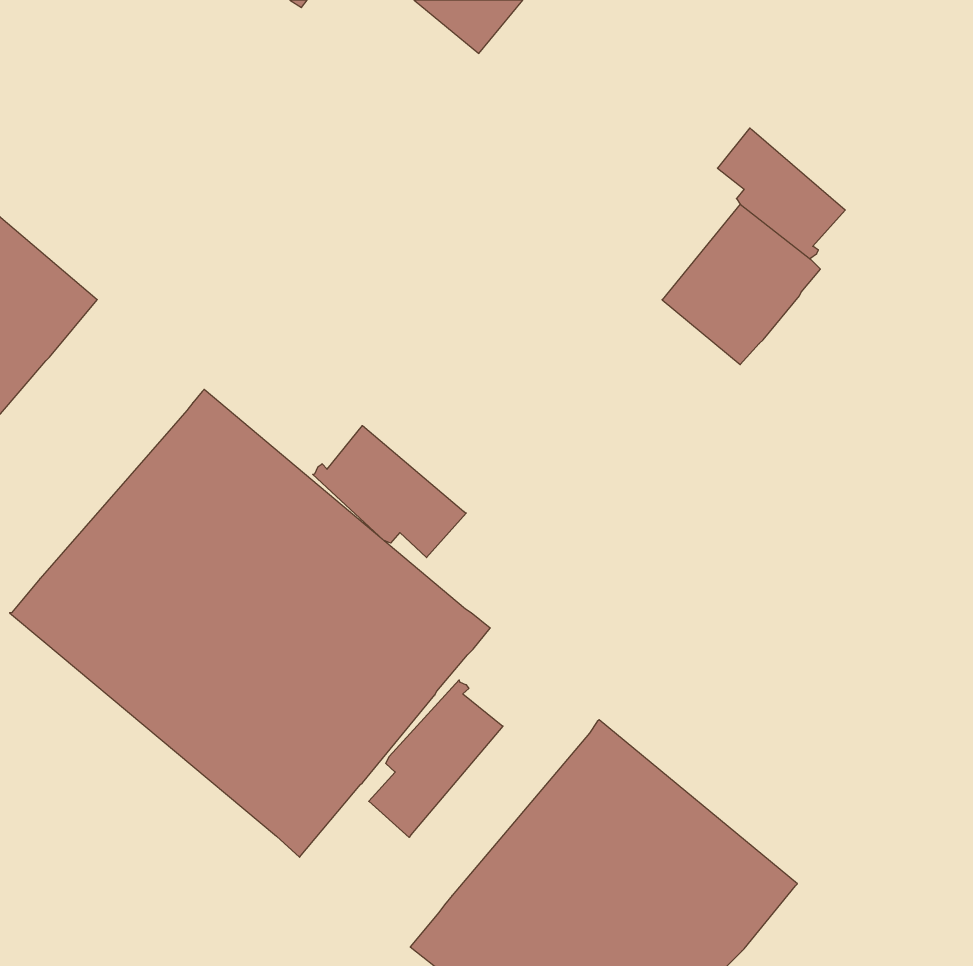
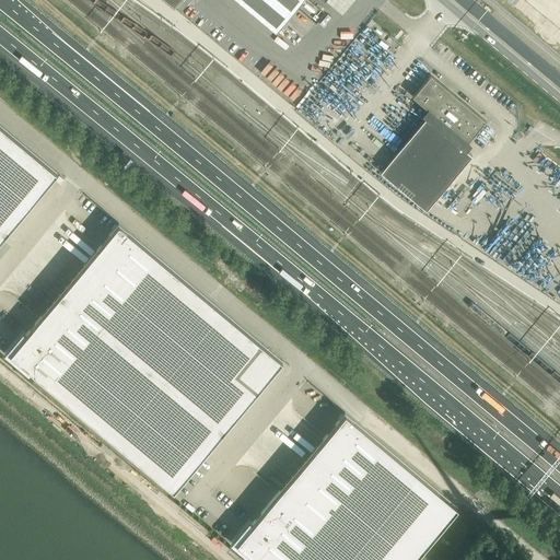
building: [313,426,466,558] -> none
building: [369,680,503,837] -> none

